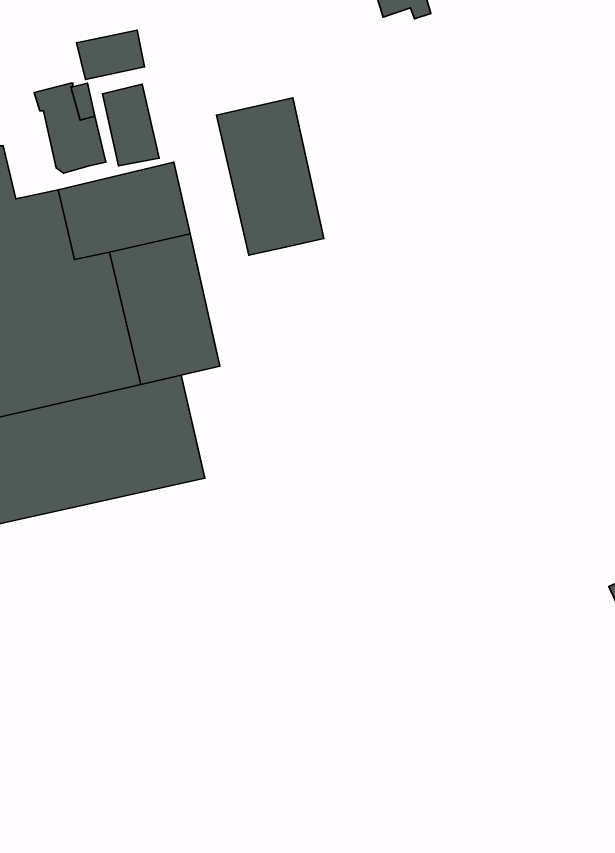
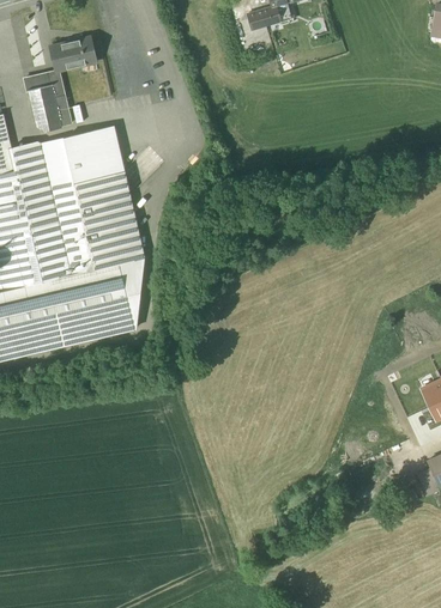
building: [102,84,159,166] -> none
building: [216,98,324,255] -> none
building: none -> [120,256,145,329]

